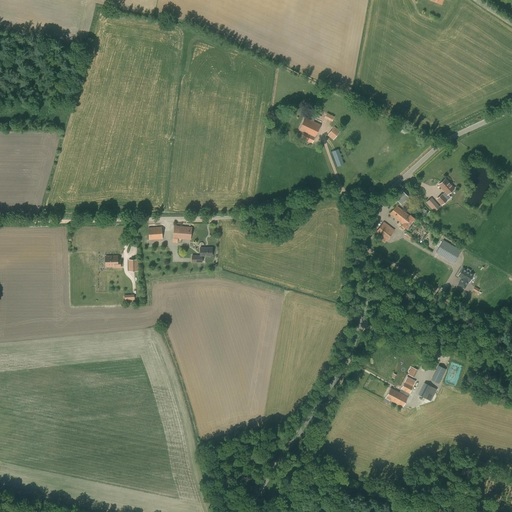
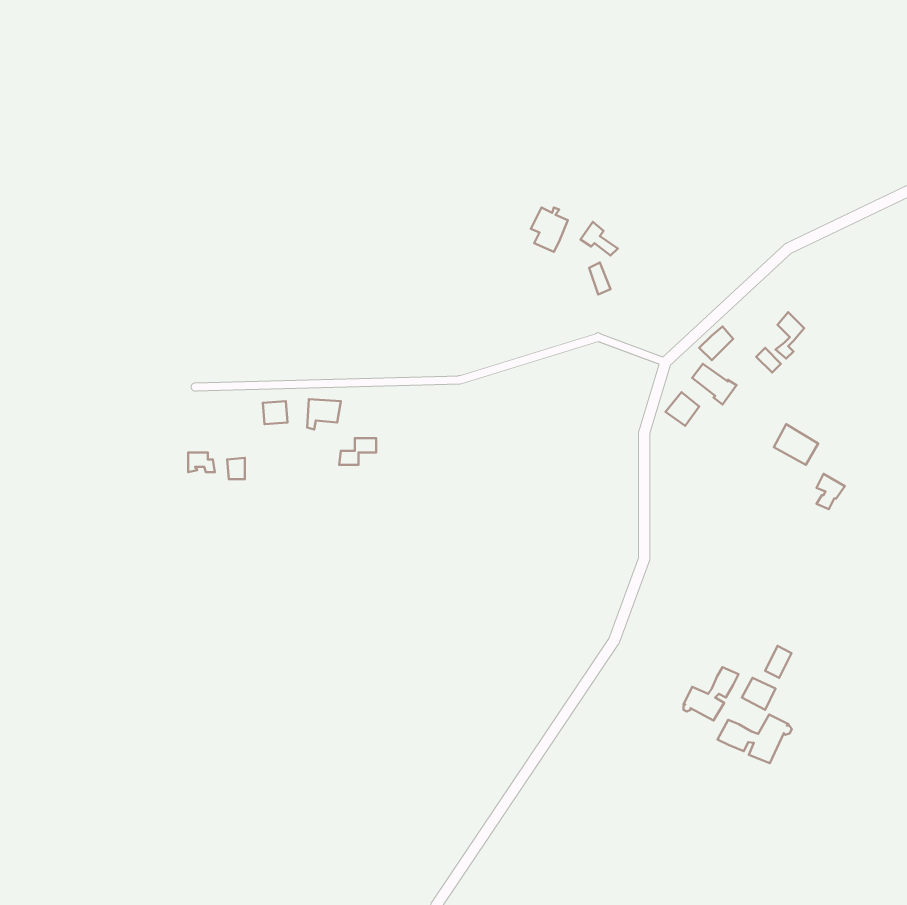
building: none -> [718,714,792,763]

